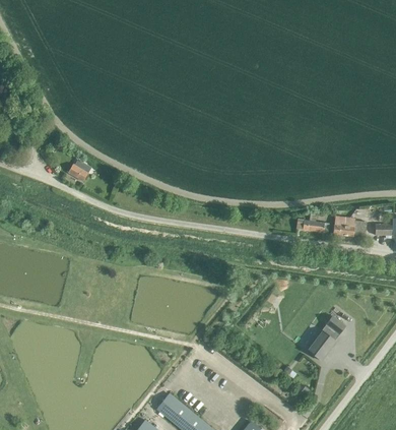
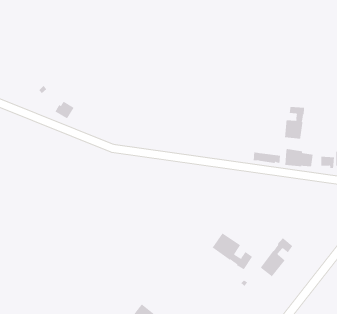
building: none -> [284,106,304,140]
building: none -> [212,233,253,270]

